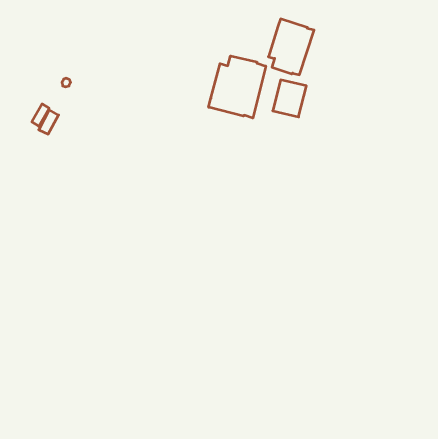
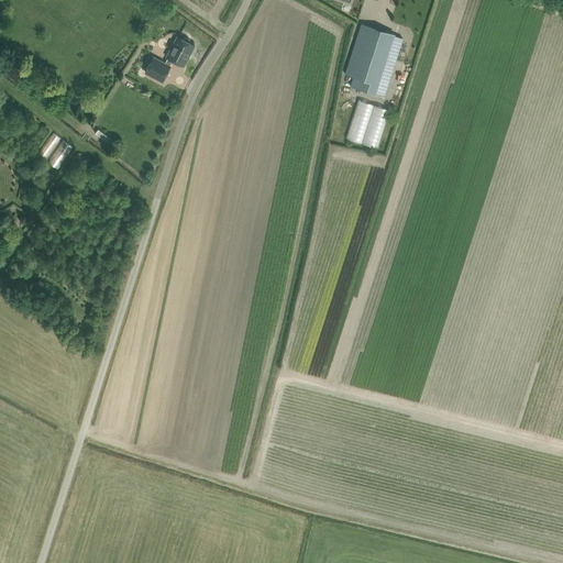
building: none -> [143,36,192,81]
building: [209,56,266,118] -> none

